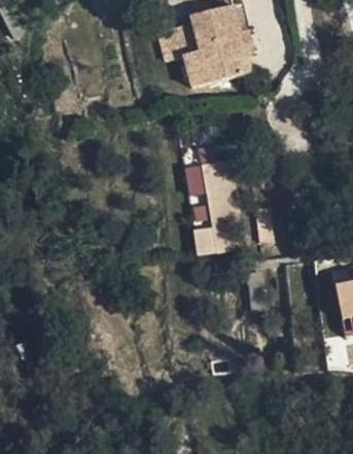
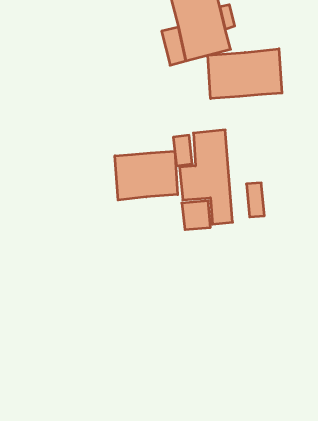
building: none -> [208,49,282,99]
building: none -> [115,151,178,200]

